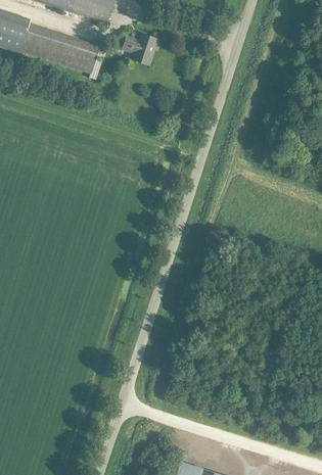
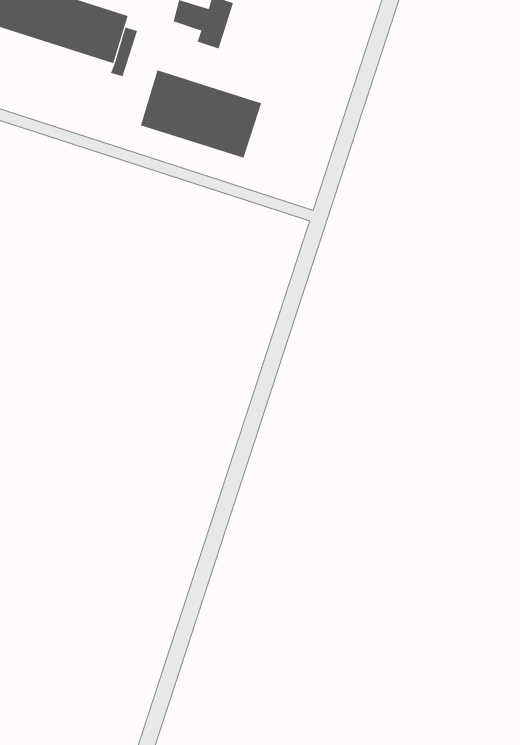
building: none -> [140,69,262,158]

